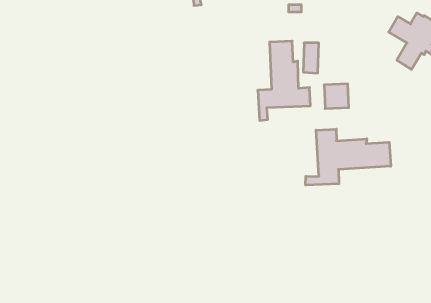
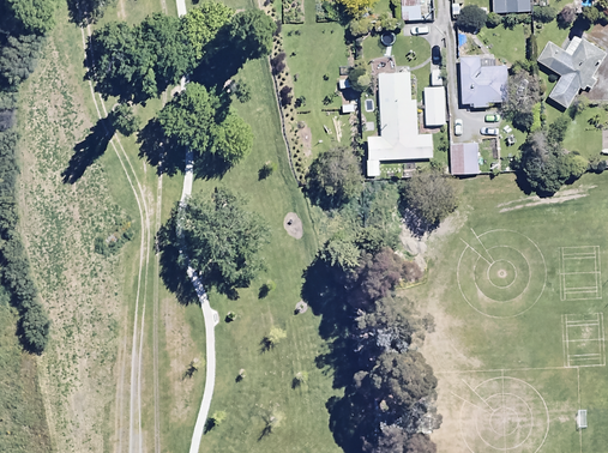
building: none -> [460,55,508,108]
building: [306,129,391,185] -> none

